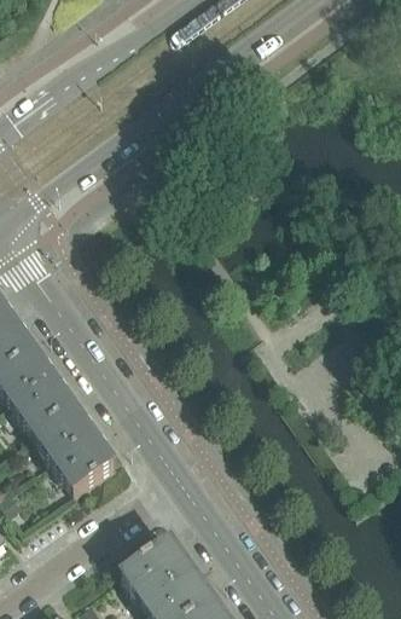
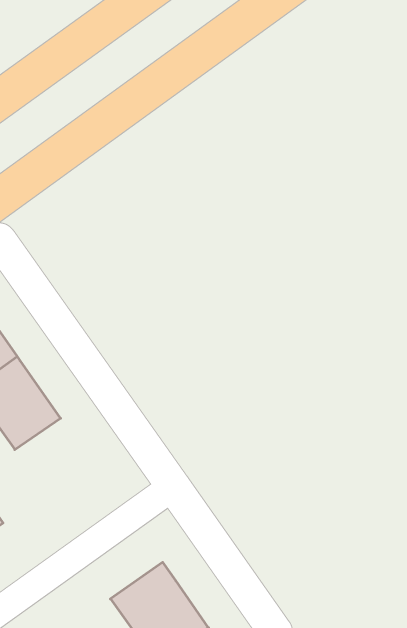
building: [34,403,116,488] -> none

